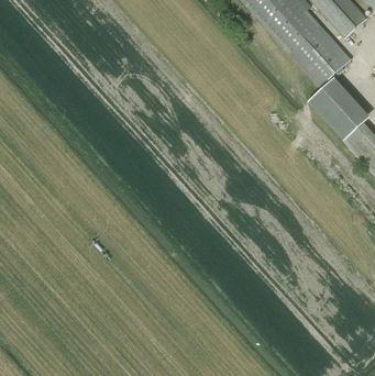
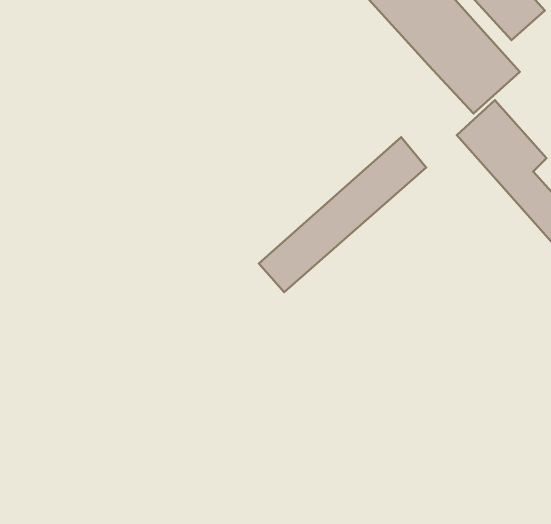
building: none -> [259,137,426,292]

